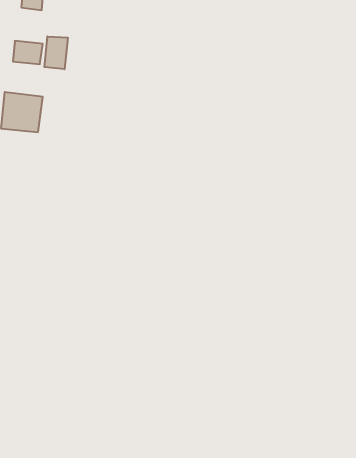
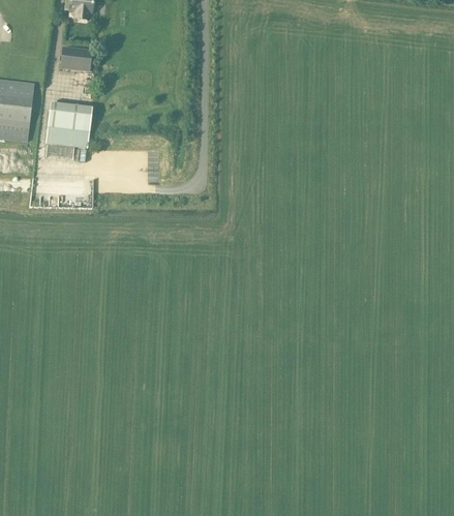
building: [44,36,68,69] -> none

